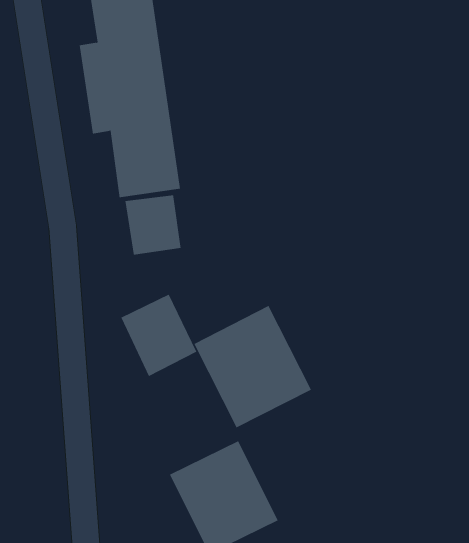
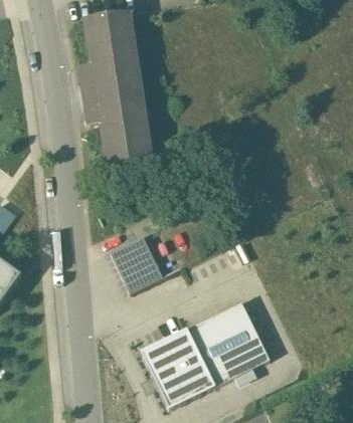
building: [125,194,181,256] -> none
building: [193,305,312,428] -> [191,306,272,390]

